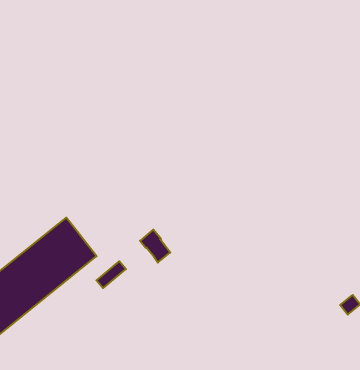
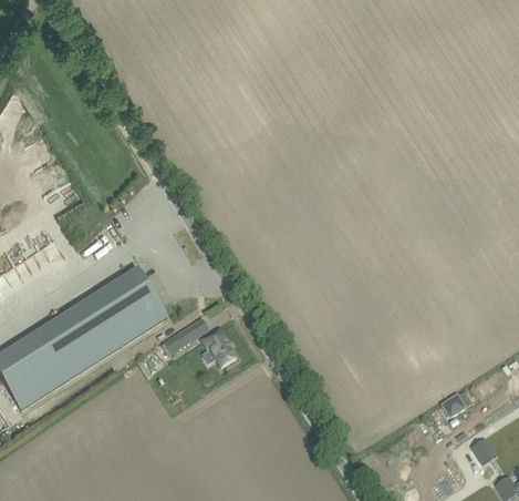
building: [140,230,170,263] -> [203,327,236,366]

